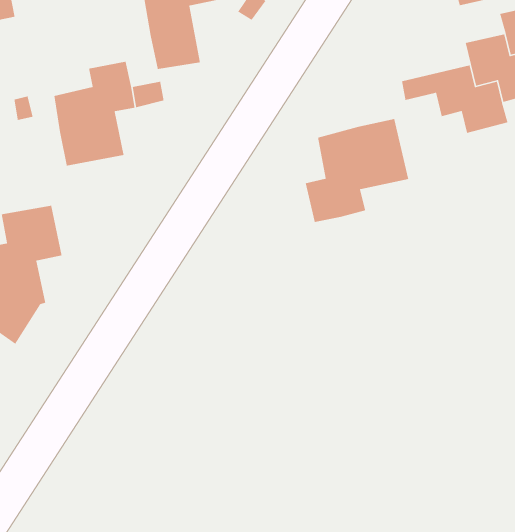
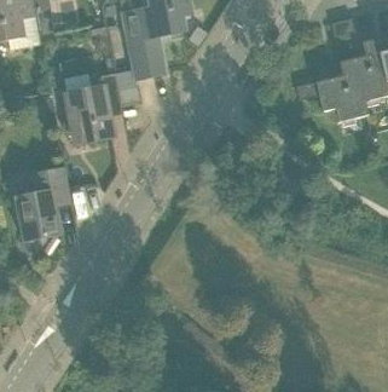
building: [305,118,409,223] -> none

